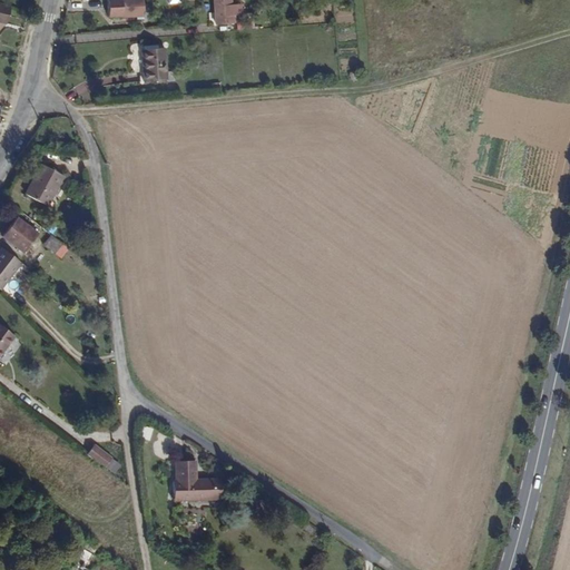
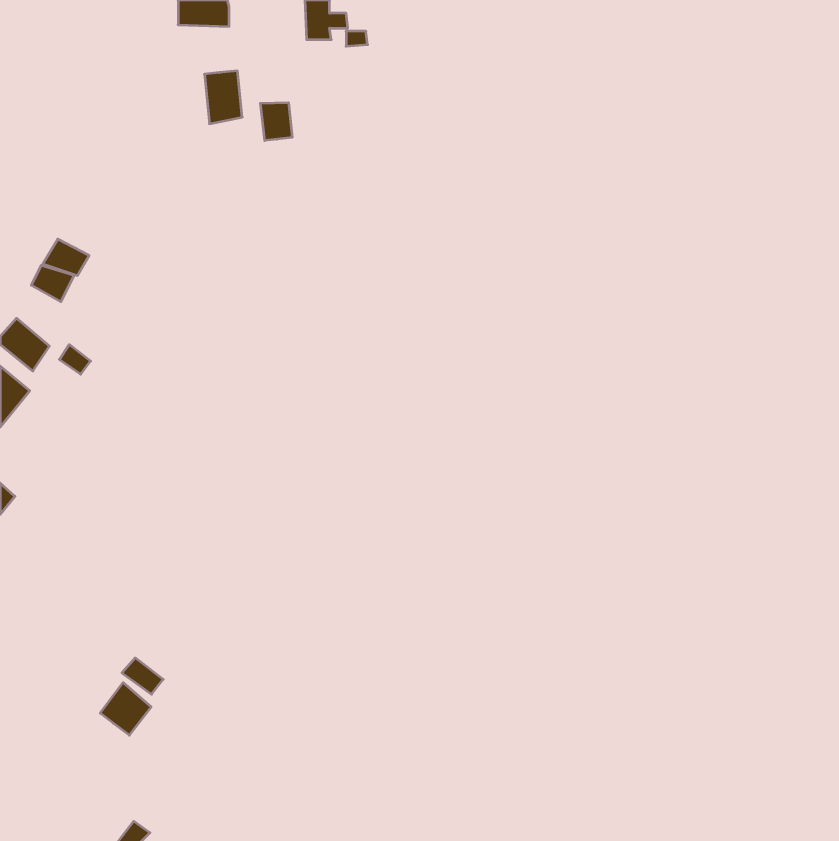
building: none -> [260,103,292,141]
building: [176,456,223,497] -> none
building: none -> [100,683,151,735]

